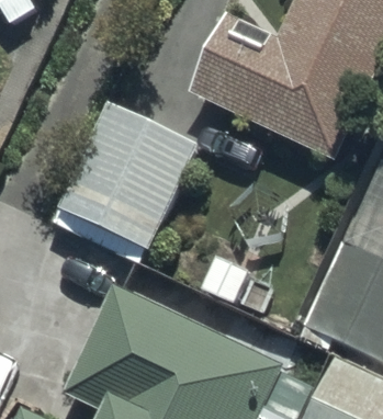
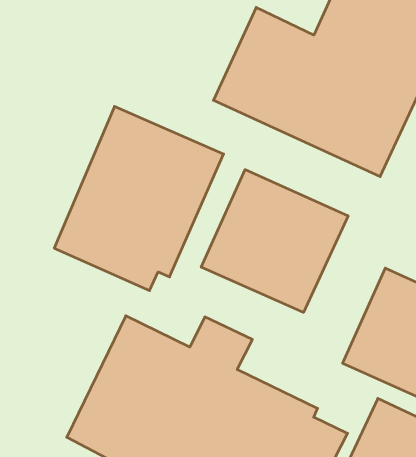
building: none -> [201,170,348,312]

